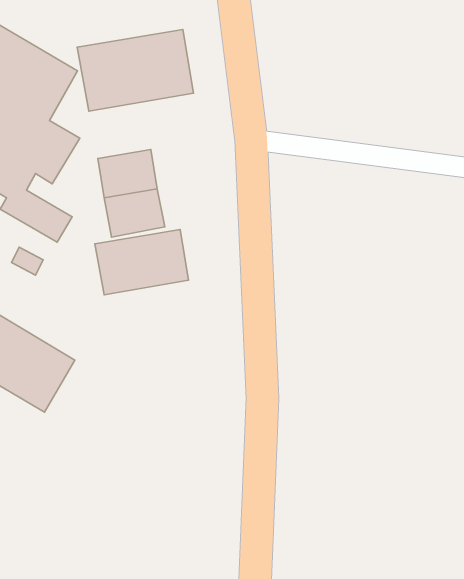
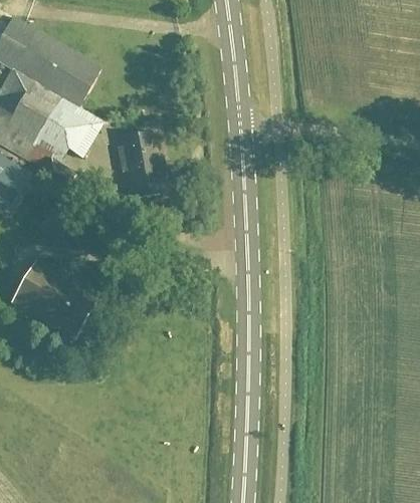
building: [77,29,194,111] -> none
building: [95,229,189,295] -> none

